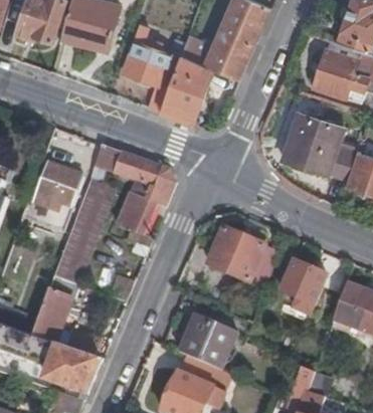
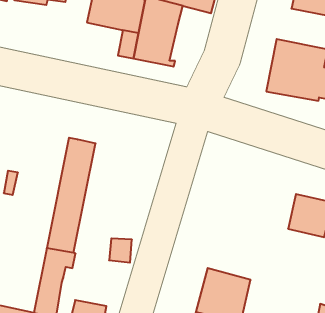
building: [89,143,175,233] -> none
building: [36,162,83,205] -> none
building: [206,228,276,288] -> none

